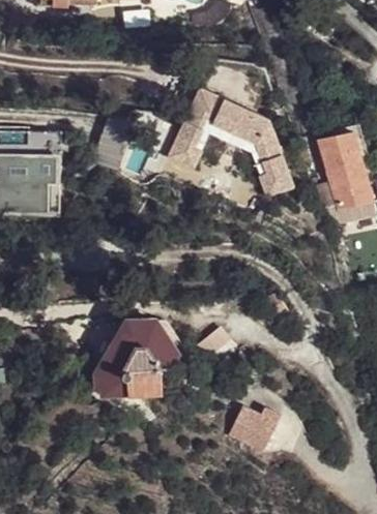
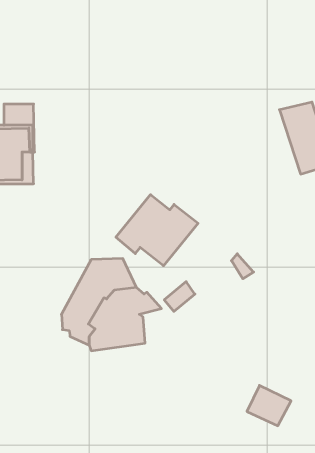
building: [160,86,297,202] -> none
building: none -> [116,195,198,266]
building: [228,411,276,454] -> [247,385,291,426]

